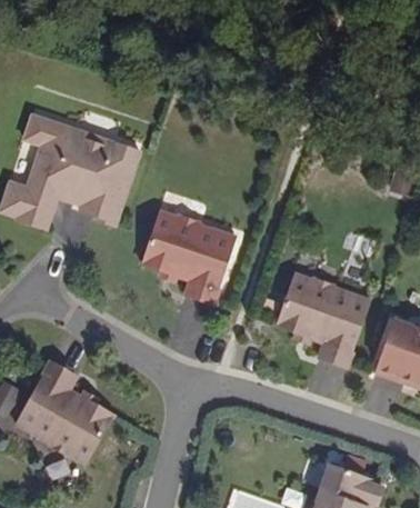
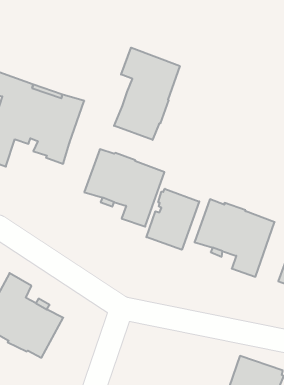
building: none -> [114,48,180,140]
building: none -> [146,189,199,250]

